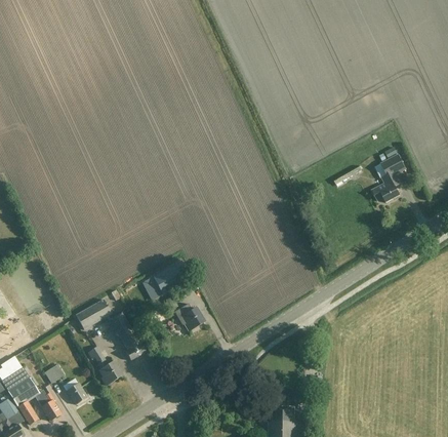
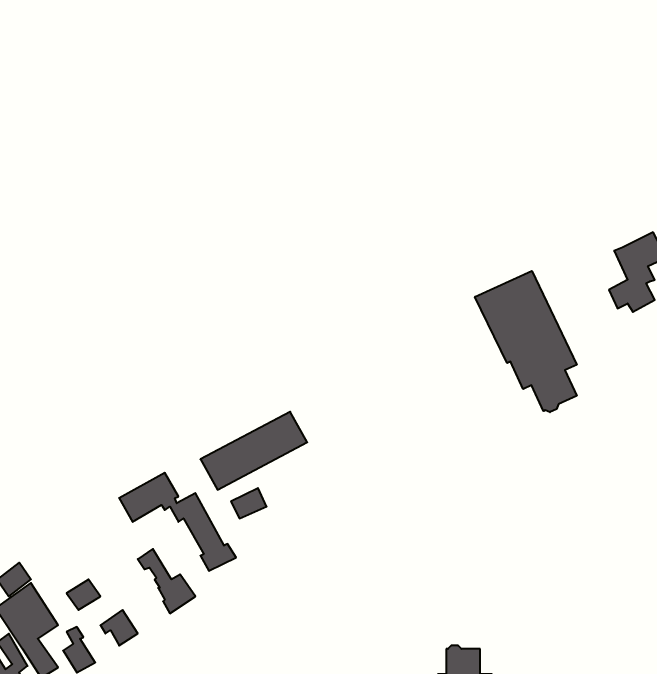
building: none -> [475,271,577,412]
building: [174,304,203,330] -> none

